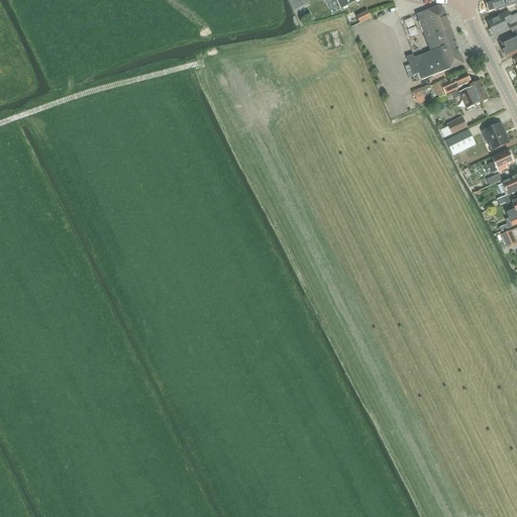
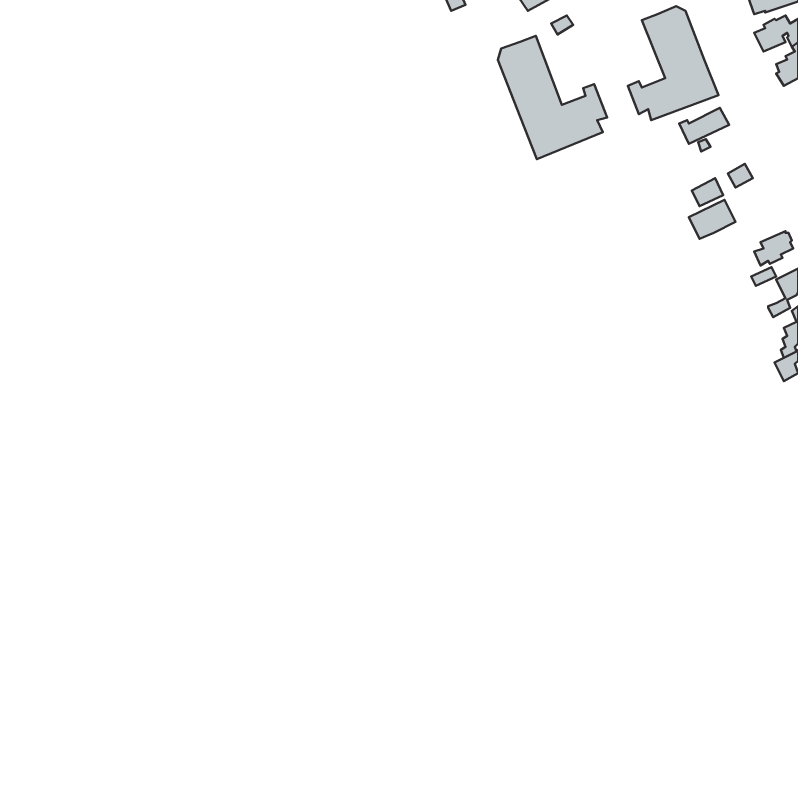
building: none -> [498,36,607,159]
building: [459,79,489,107] -> none
building: [482,123,509,148] -> none

